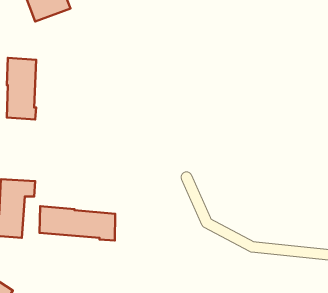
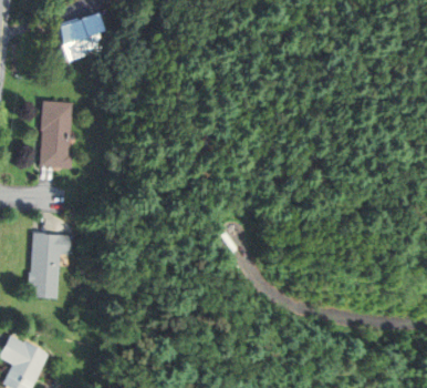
building: [40,206,115,240] -> none

